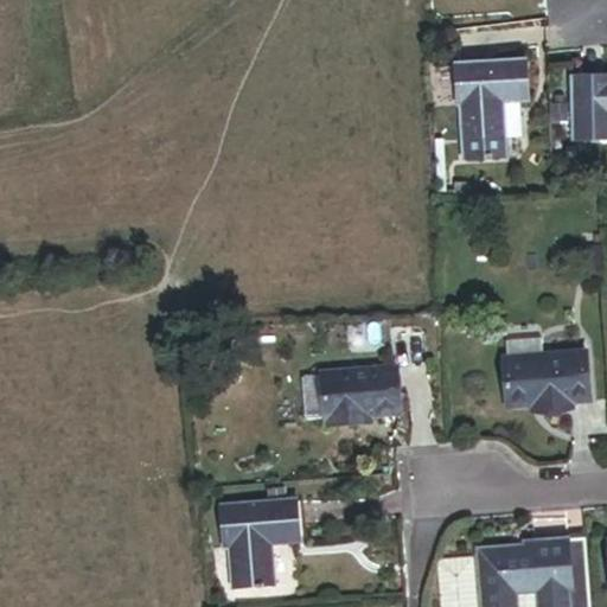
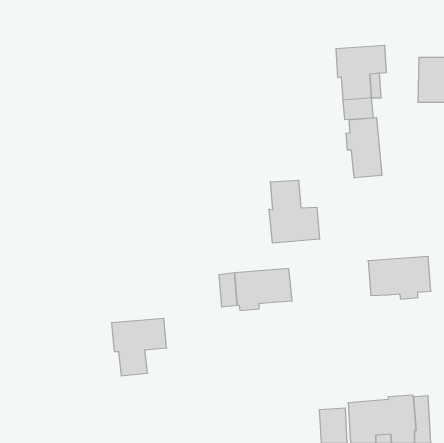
building: none -> [346,117,382,178]
building: none -> [269,180,320,243]
building: [224,500,299,579] -> [112,318,167,376]

